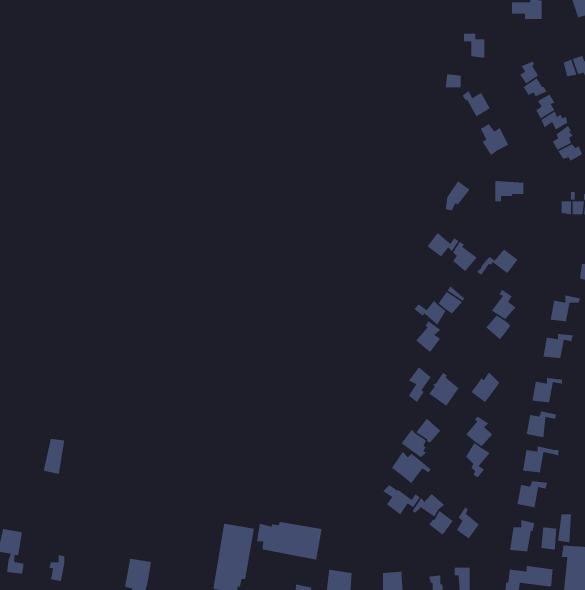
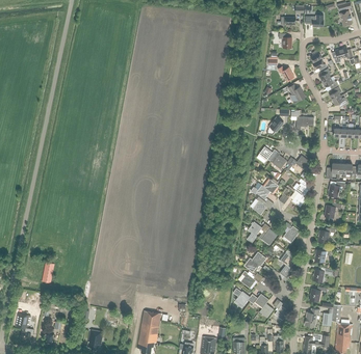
building: [256,521,323,560] -> none

